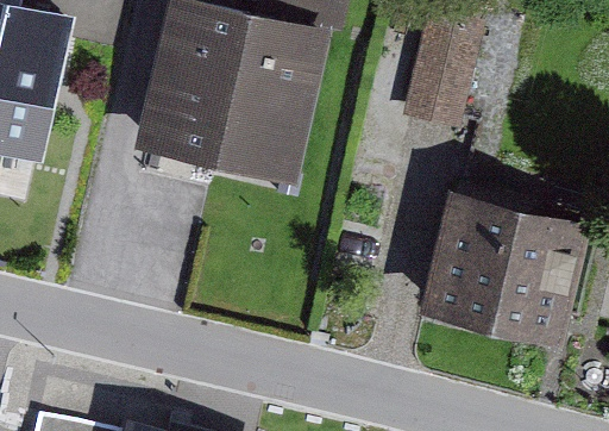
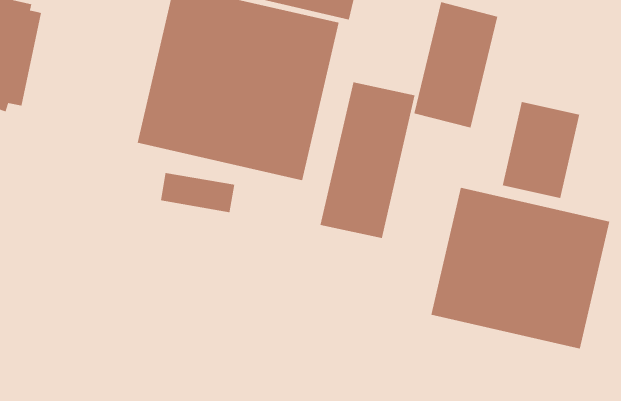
building: none -> [320,82,415,239]
building: none -> [502,101,580,199]

